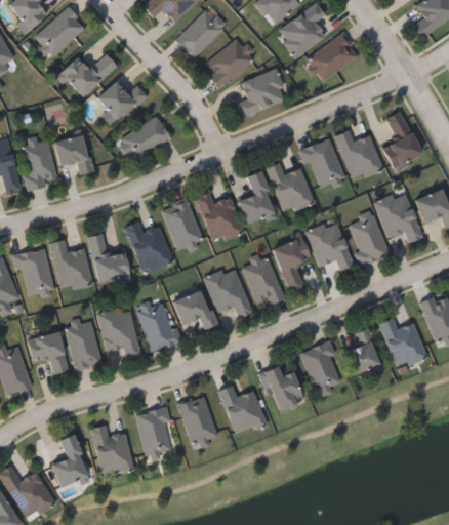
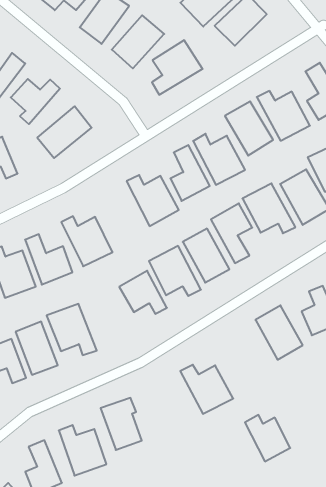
building: [163,201,201,250] -> none
building: [139,299,180,350] -> none
building: [263,365,303,411] -> [245,415,290,461]
building: [178,395,216,448] -> none

